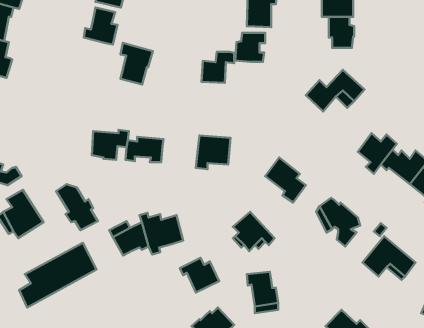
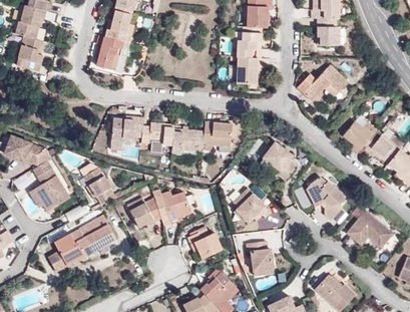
building: [120,43,153,84] -> [95,35,123,71]
building: [202,52,234,83] -> [236,58,264,85]
building: none -> [171,129,203,152]

